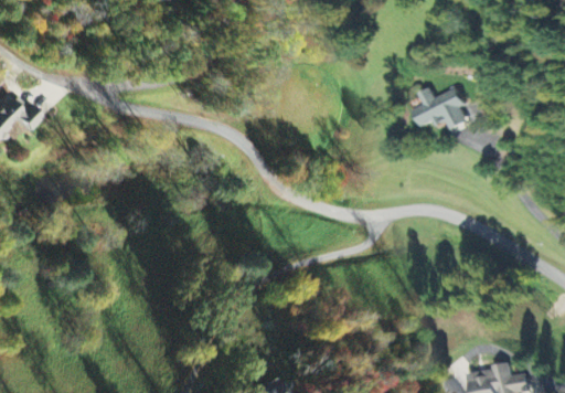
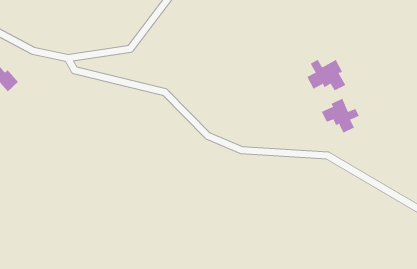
building: none -> [321,98,359,133]

